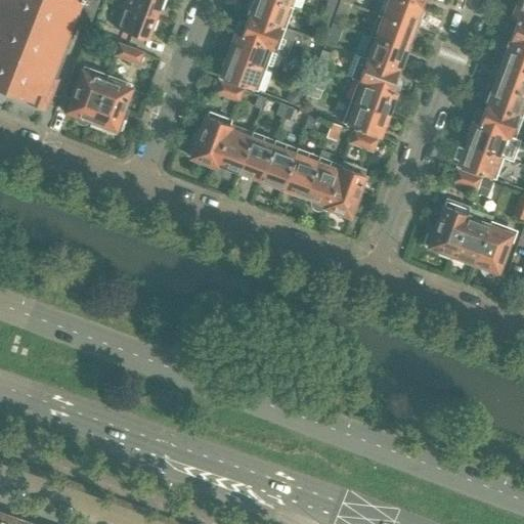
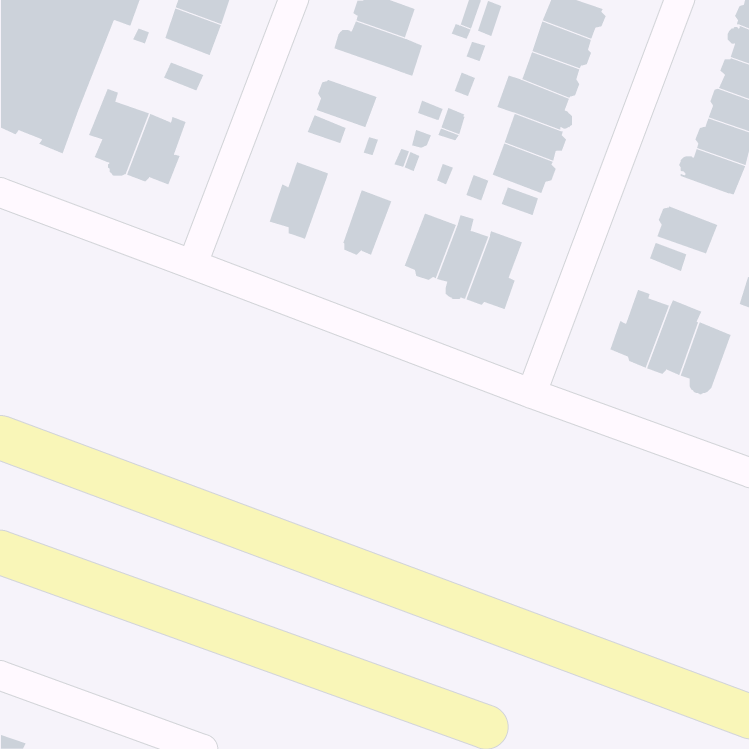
building: [229,34,282,72] -> none
building: [467,123,509,157] -> none
building: [214,124,253,175] -> none
building: [260,140,297,187] -> none

